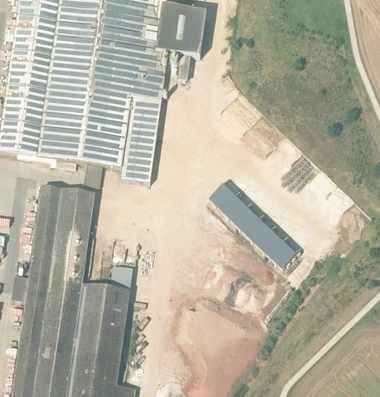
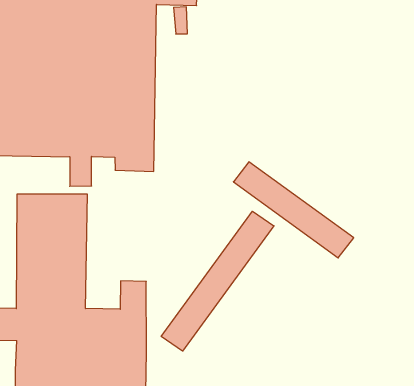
building: none -> [161,211,274,351]

